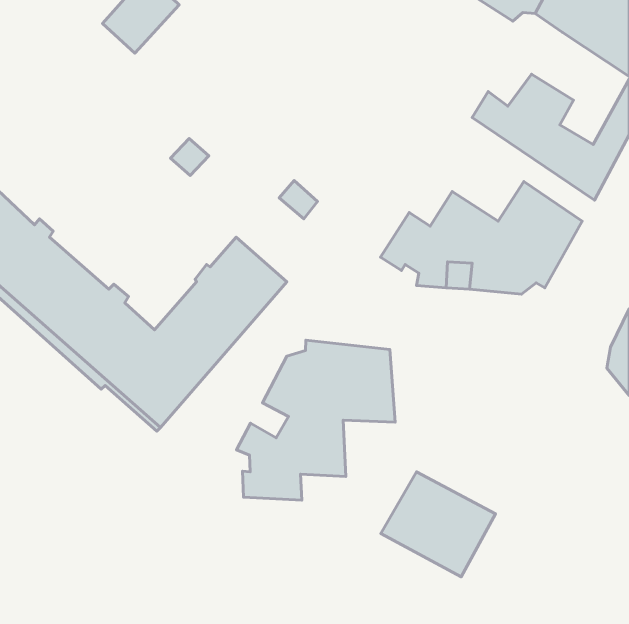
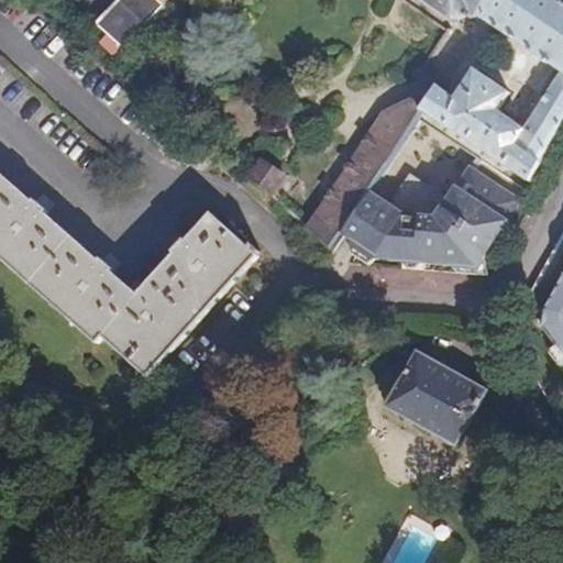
building: none -> [305,98,420,244]
building: [236,340,395,500] -> none
building: [381,472,496,577] -> [386,350,488,443]

